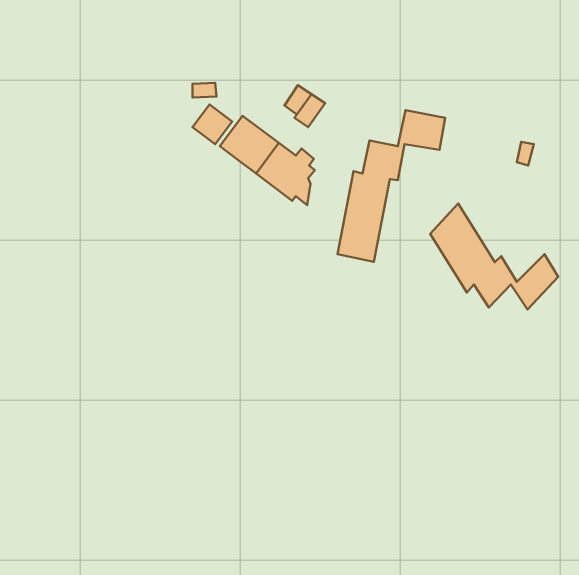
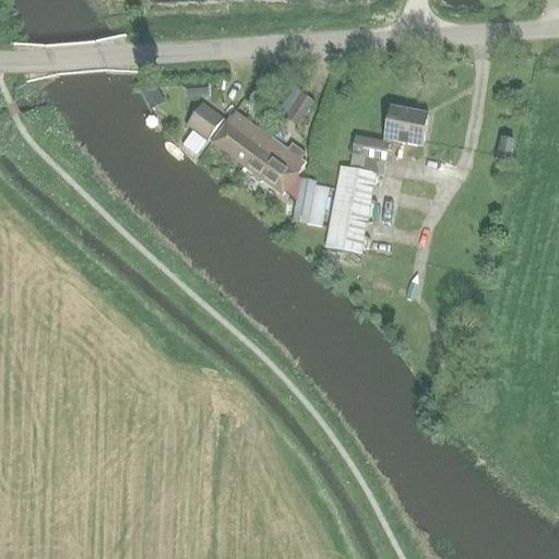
building: none -> [292,177,331,225]
building: [430,204,558,309] -> none

